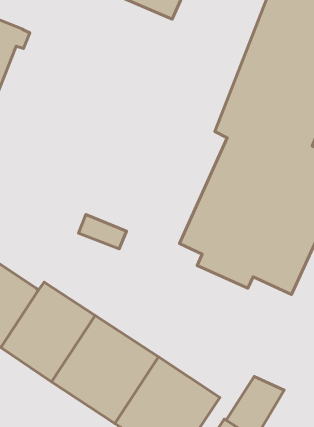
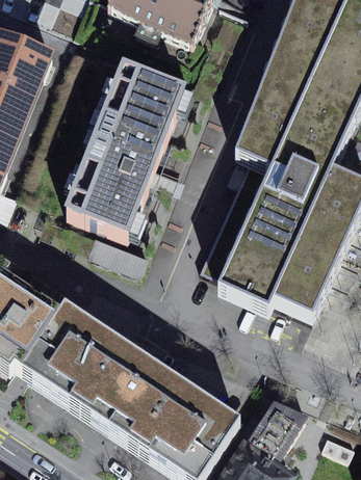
building: none -> [67,62,185,233]

